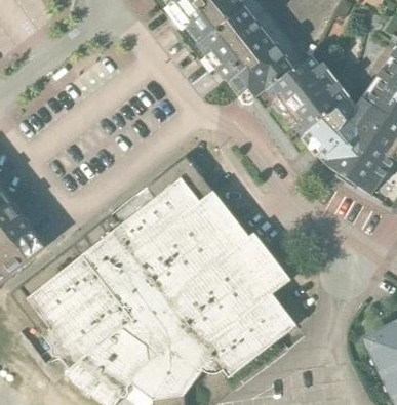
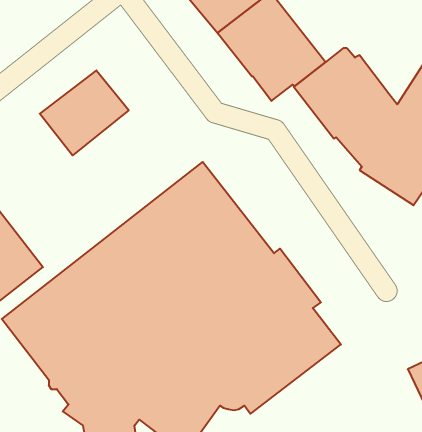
building: none -> [40,70,129,155]

